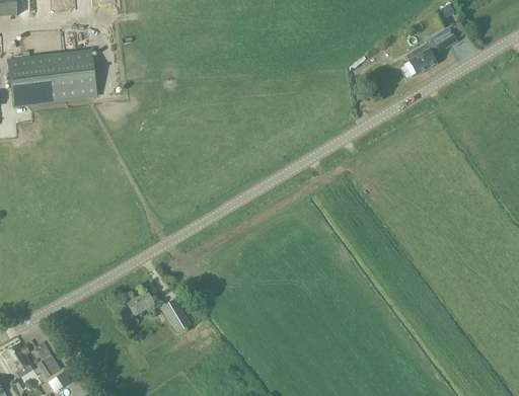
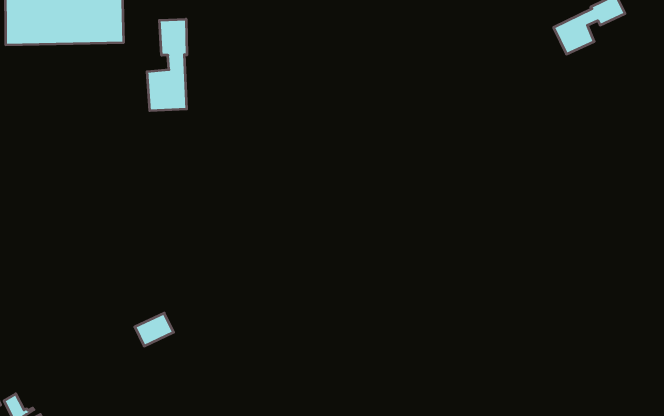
building: none -> [147,19,187,111]
building: [160,294,192,333] -> none

